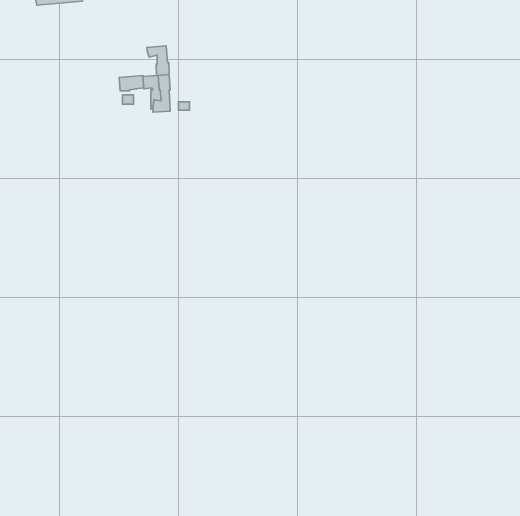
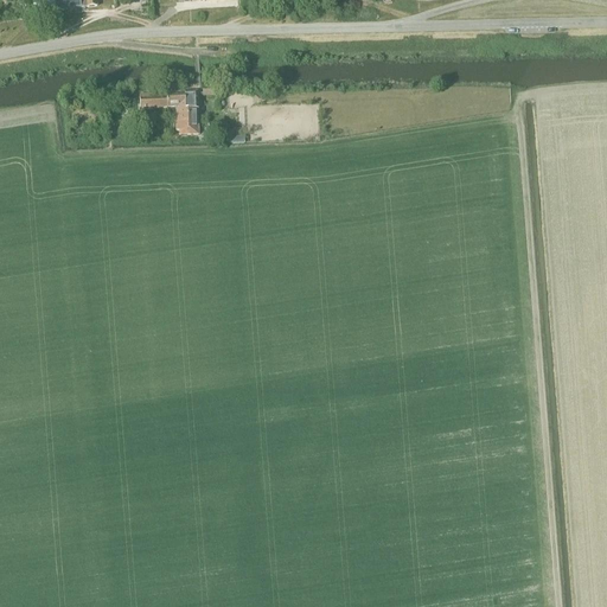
building: [147,46,169,75] -> none

